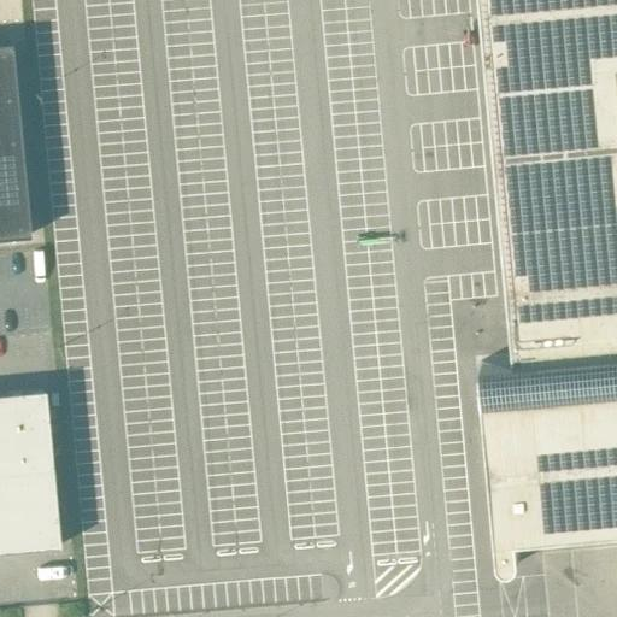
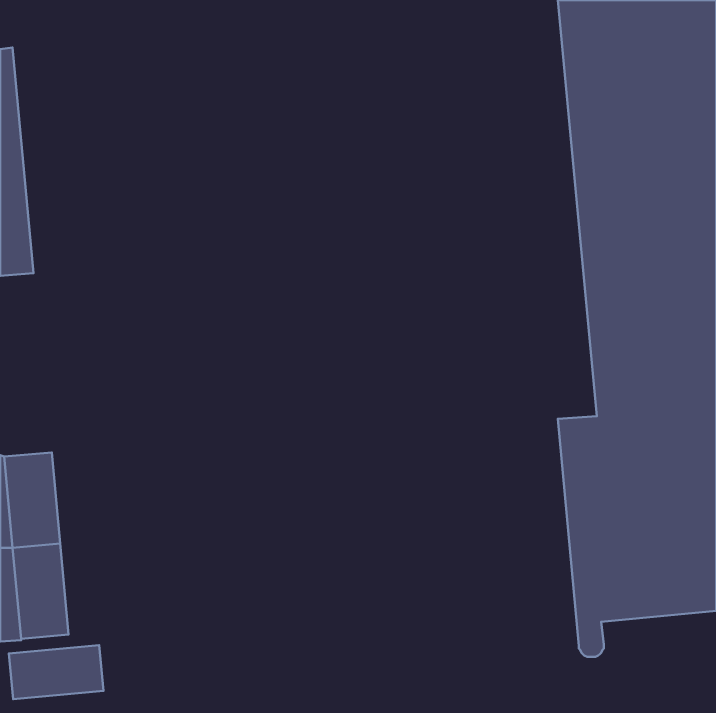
building: none -> [9,645,104,699]

